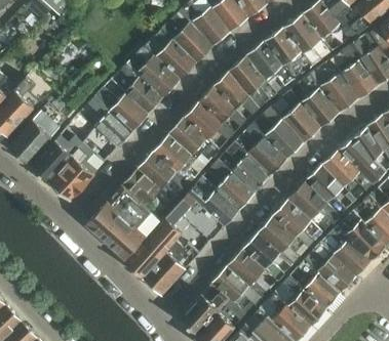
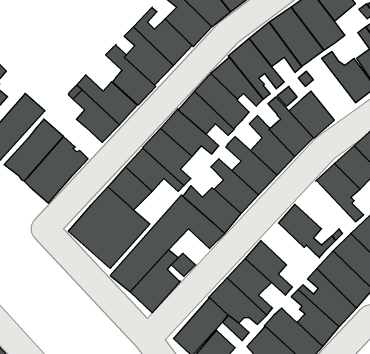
building: [300,74,339,128] -> none
building: [287,181,339,224] -> none
building: [256,218,307,268] -> none

